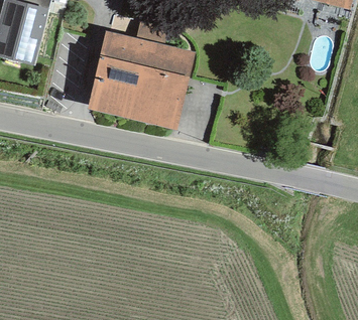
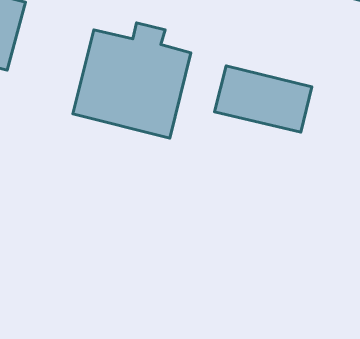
building: none -> [214,66,312,132]

